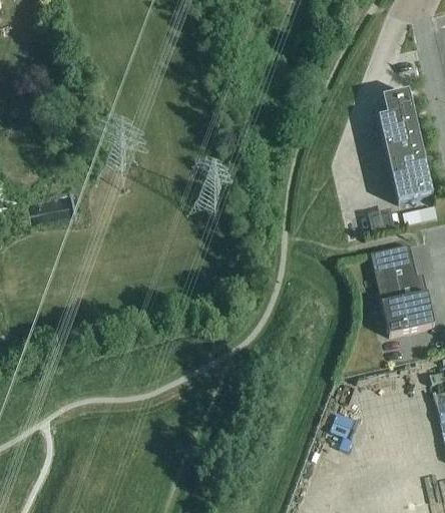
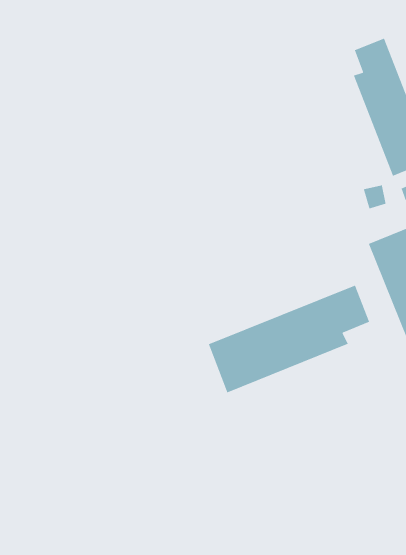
building: none -> [208,284,370,393]

